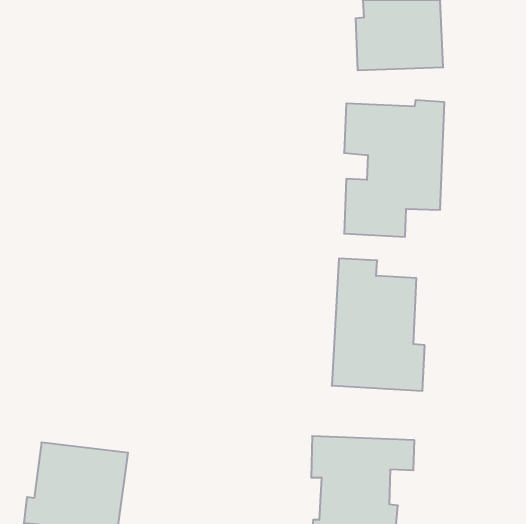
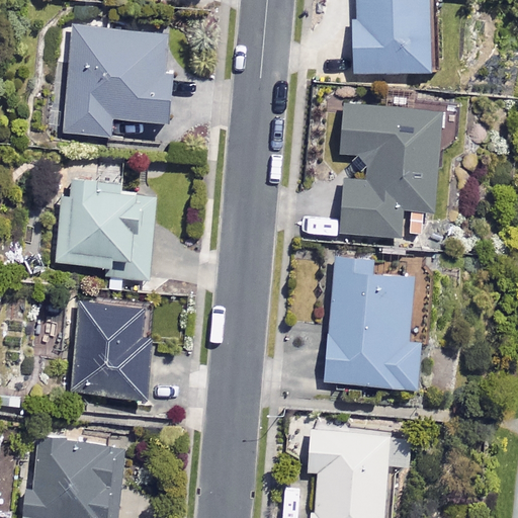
building: none -> [67,27,170,138]
building: none -> [60,167,158,280]
building: none -> [72,301,150,397]

